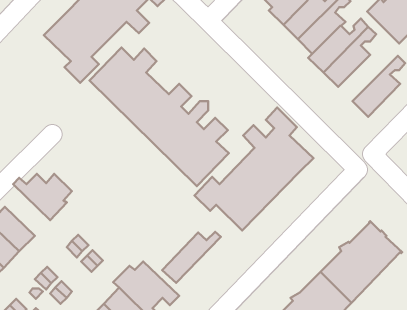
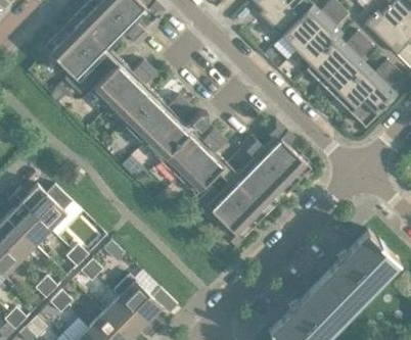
building: none -> [335,59,395,112]
building: none -> [5,194,50,245]
building: [162,232,221,283] -> none

